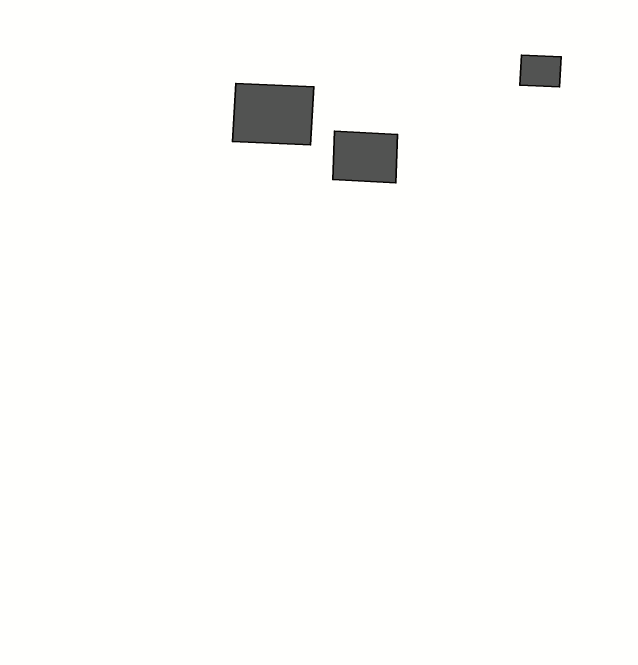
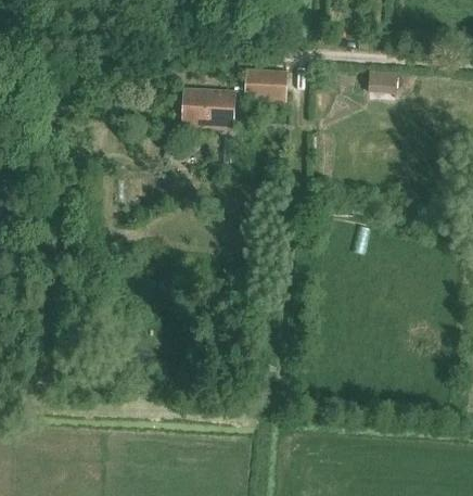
building: [333,131,398,183] -> [244,67,286,101]

